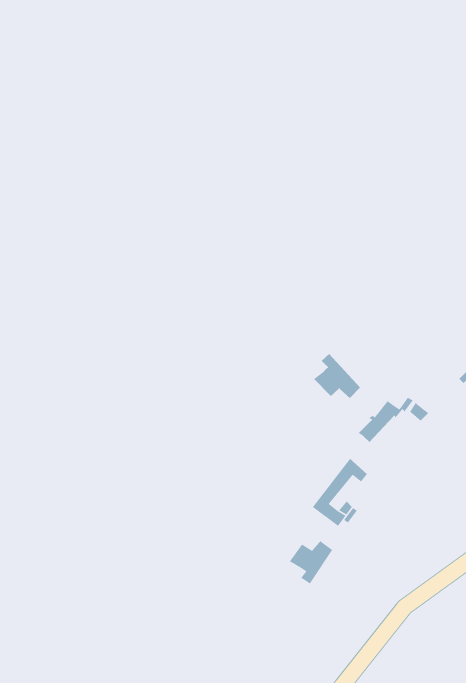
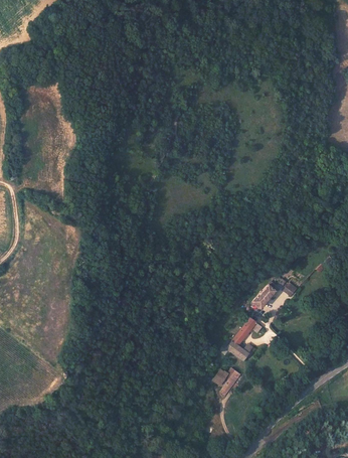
building: [313,353,361,399] -> none

